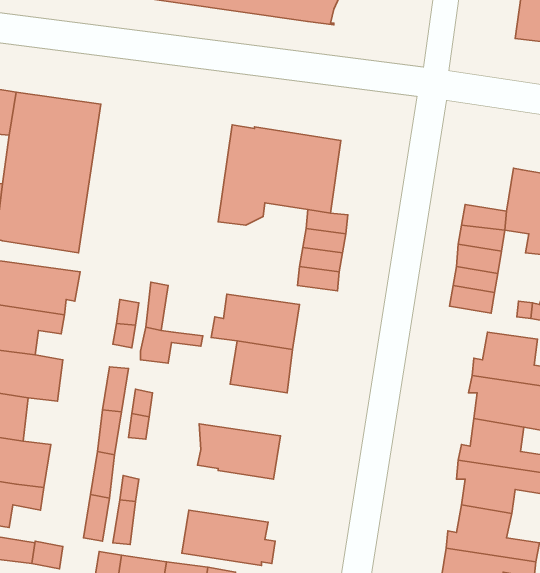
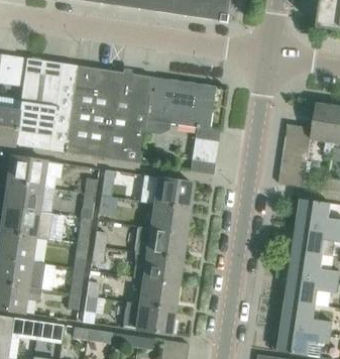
building: none -> [63,65,152,162]
building: none -> [133,226,185,258]
building: none -> [140,278,177,309]

